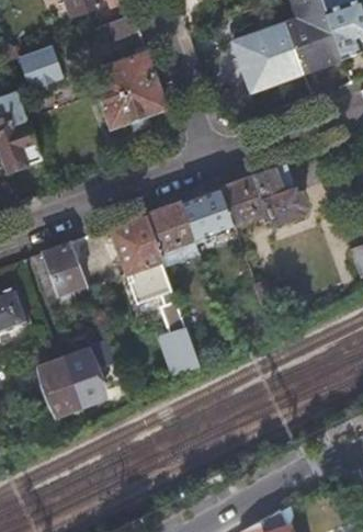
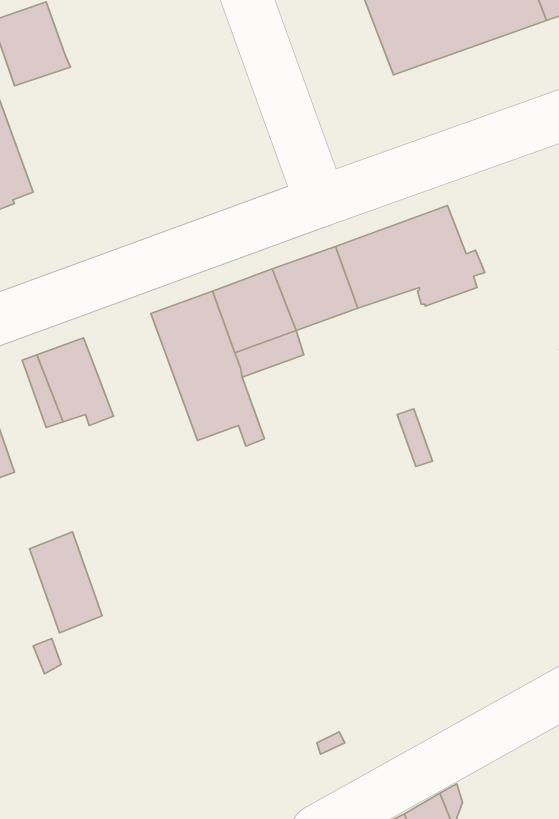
building: [88,50,168,129] -> none
building: [159,303,200,376] -> none
building: [64,349,105,421] -> none

